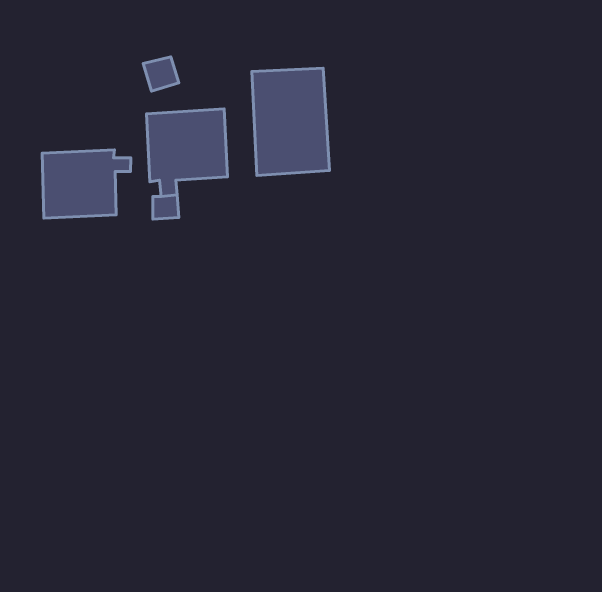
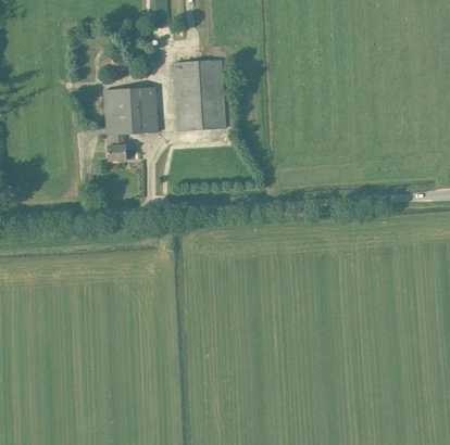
building: [42,150,131,218] -> none

